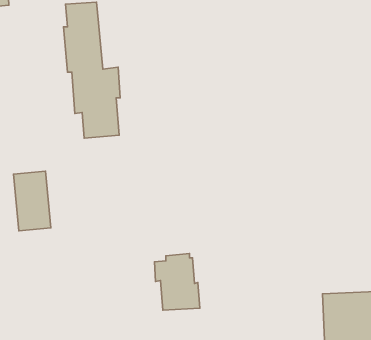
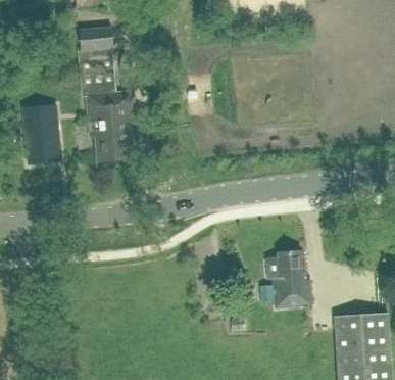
building: [14,171,51,231] -> [23,103,60,162]
building: [154,254,200,310] -> [266,249,311,305]

